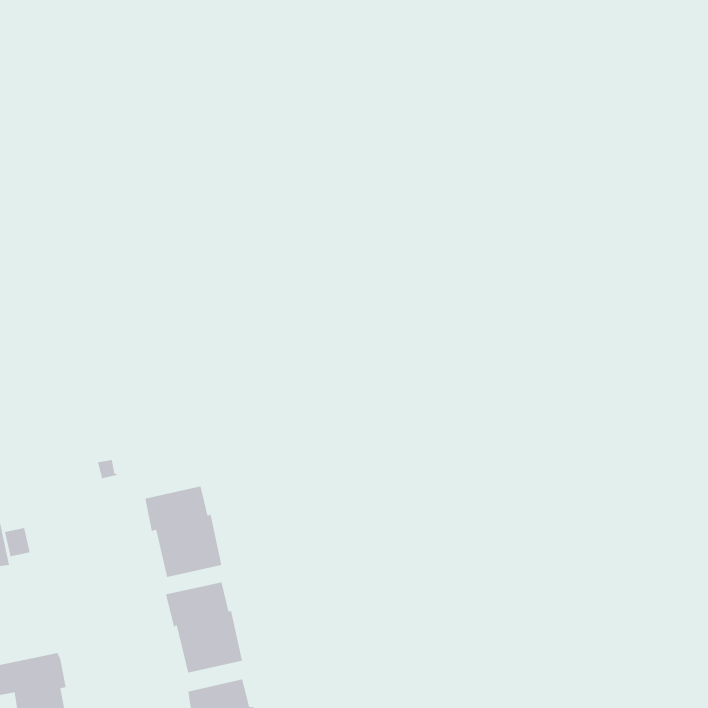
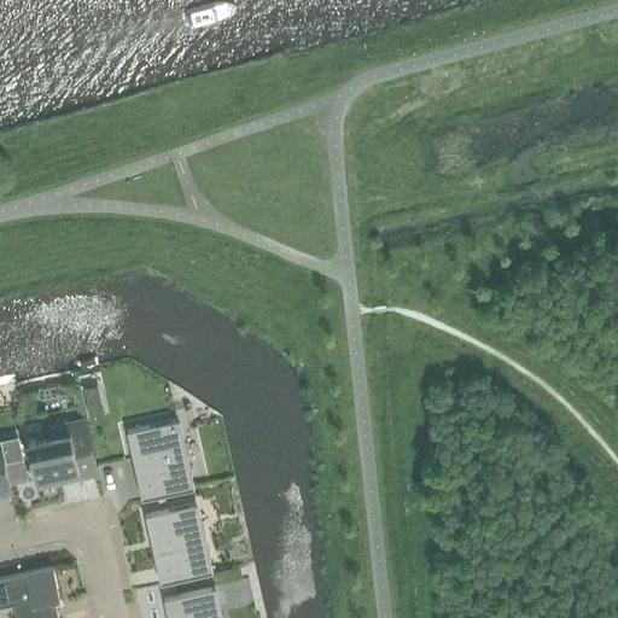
building: none -> [27,421,95,480]

